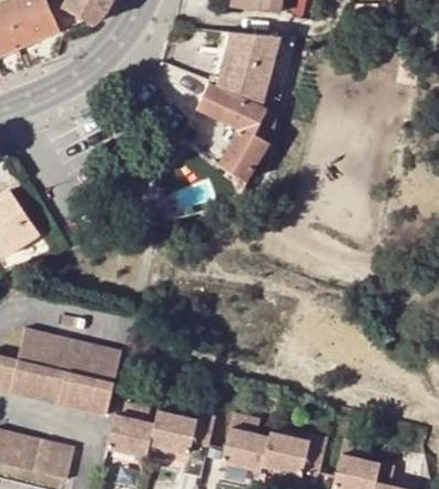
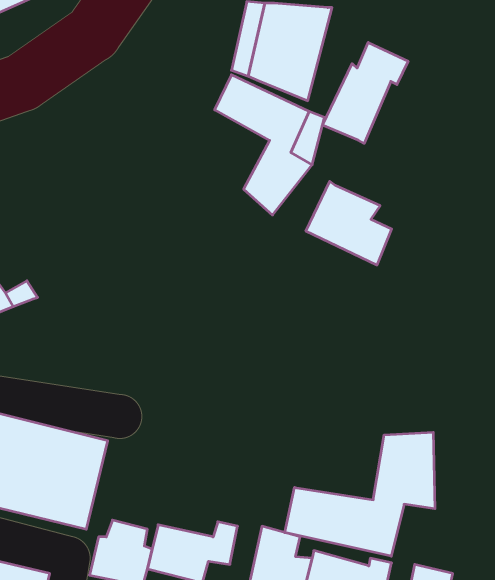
building: none -> [323,42,408,143]
building: none -> [306,181,392,265]
building: none -> [285,432,435,556]

